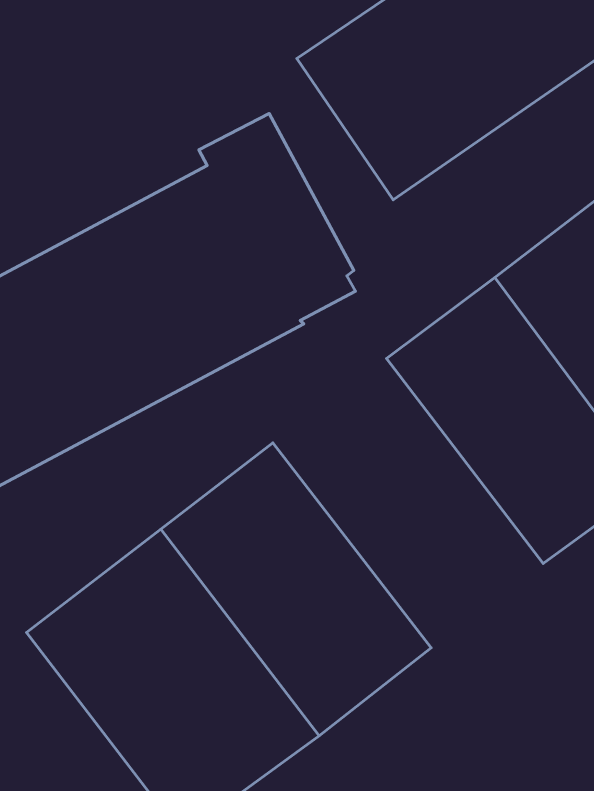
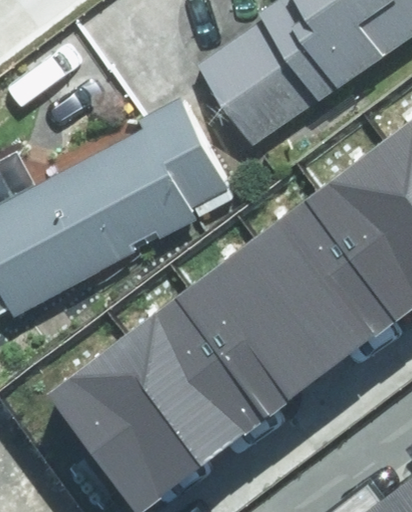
building: none -> [190,236,347,404]

